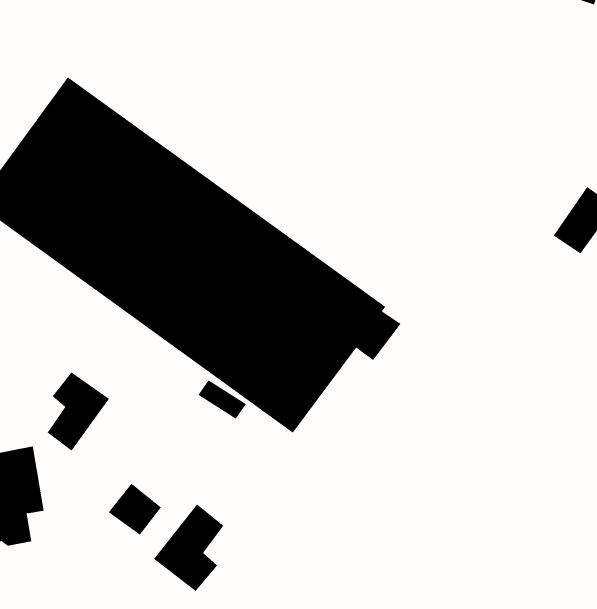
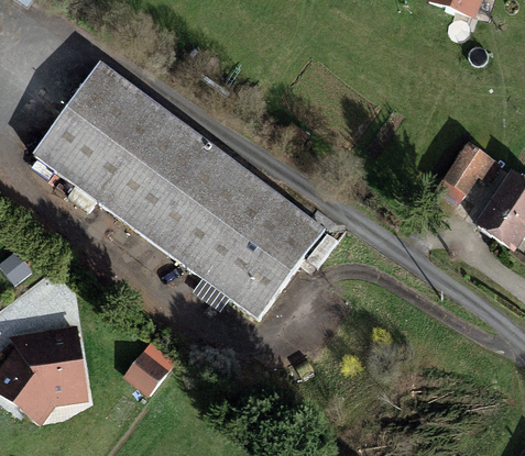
building: [47,371,110,451] -> none
building: [153,503,224,592] -> none

